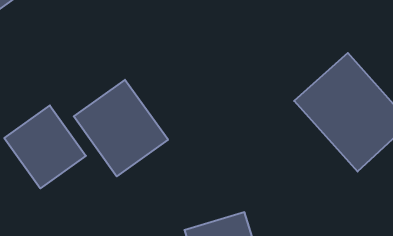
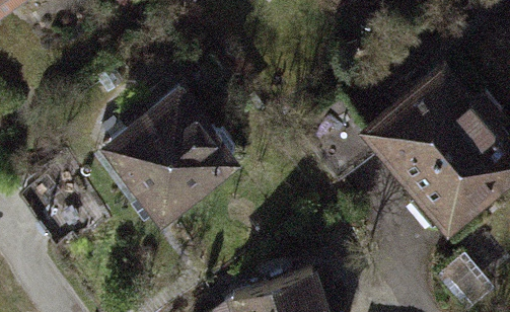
building: [4,105,86,188] -> none

